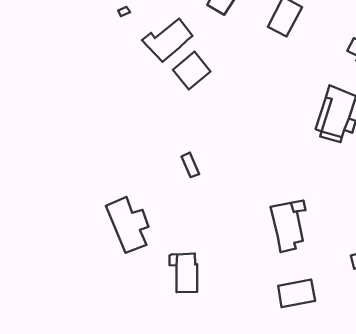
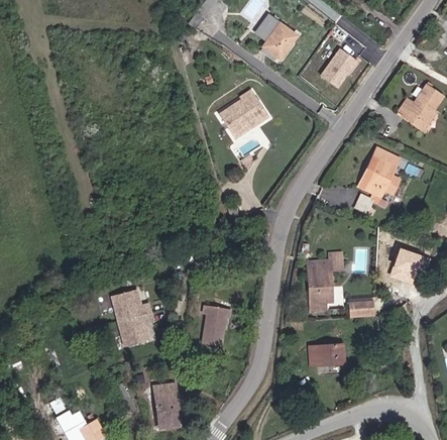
building: [142,18,193,62] -> none
building: [106,197,148,253] -> [108,290,149,347]
building: none -> [353,297,379,315]

